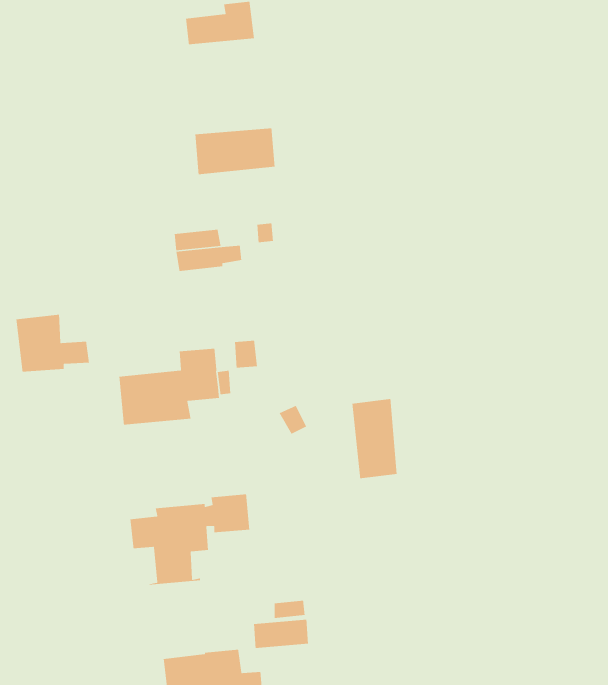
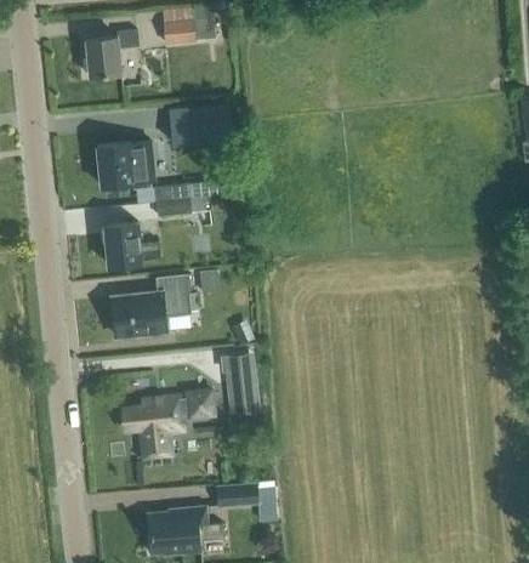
building: none -> [87,30,138,81]
building: none -> [97,141,155,187]
building: [15,314,90,373] -> [104,221,161,266]
building: [352,398,398,479] -> [223,354,258,416]

